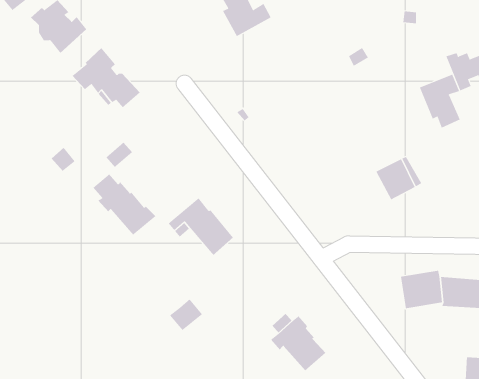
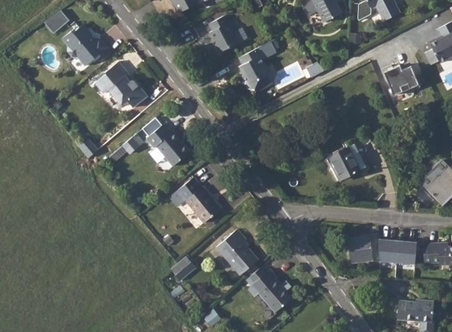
building: none -> [240,41,276,92]
building: [419,74,460,129] -> none
building: [92,173,156,236] -> [141,118,190,166]
building: none -> [216,228,258,274]

